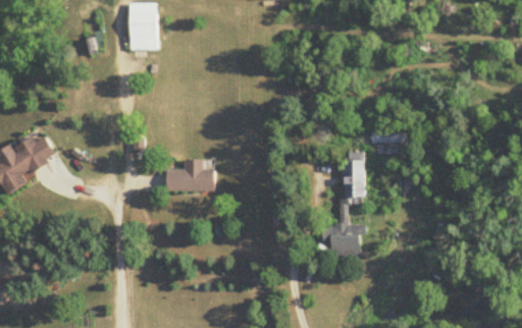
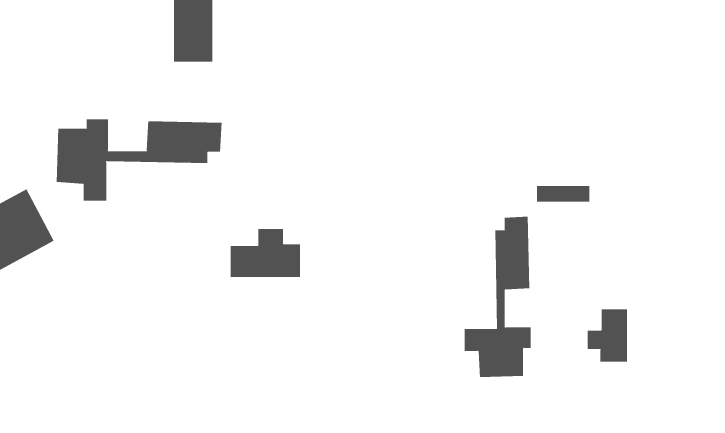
building: none -> [56,119,222,201]
building: none -> [587,309,628,363]

